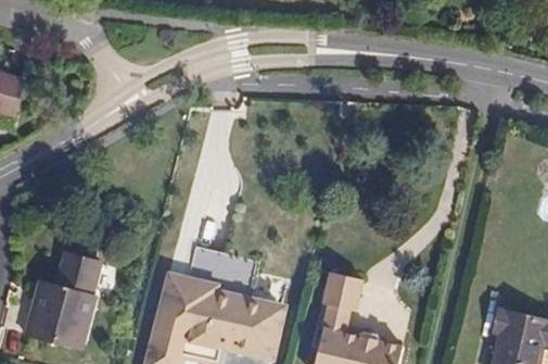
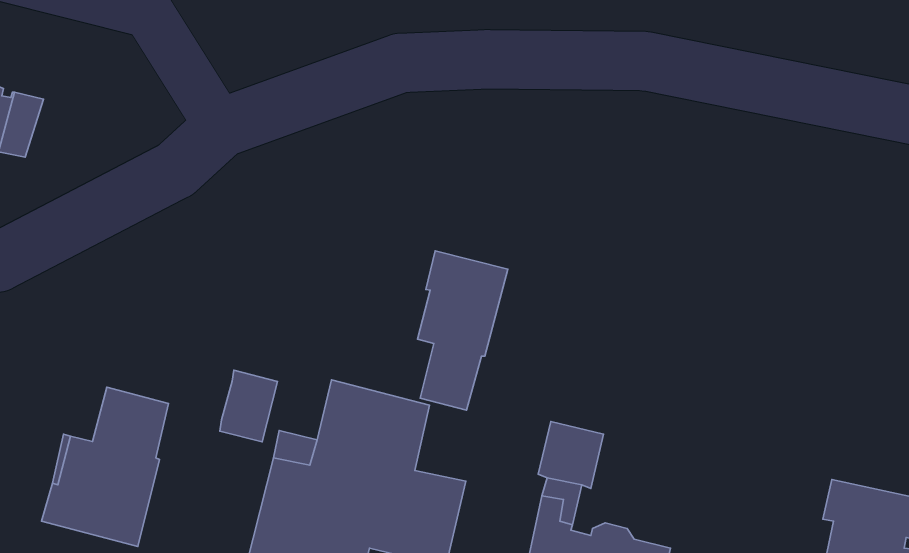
building: none -> [418,251,508,410]
building: none -> [220,370,277,442]

